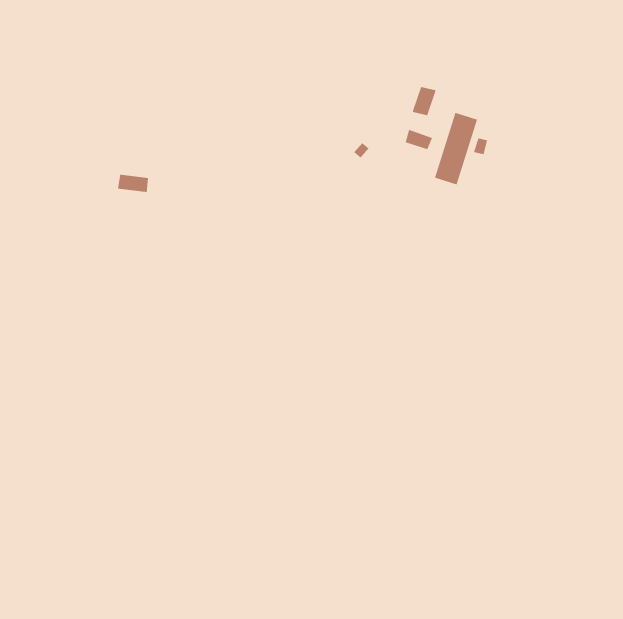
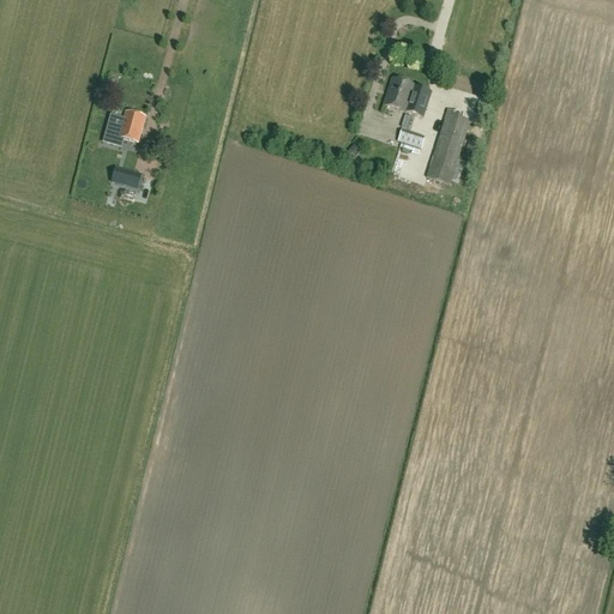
building: none -> [383,76,415,112]
building: none -> [109,108,145,140]

